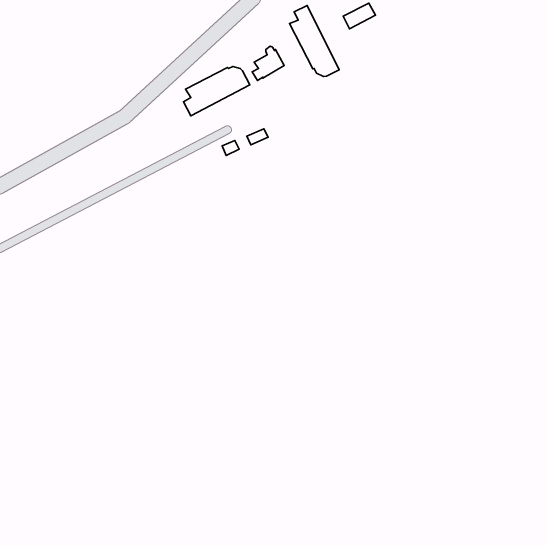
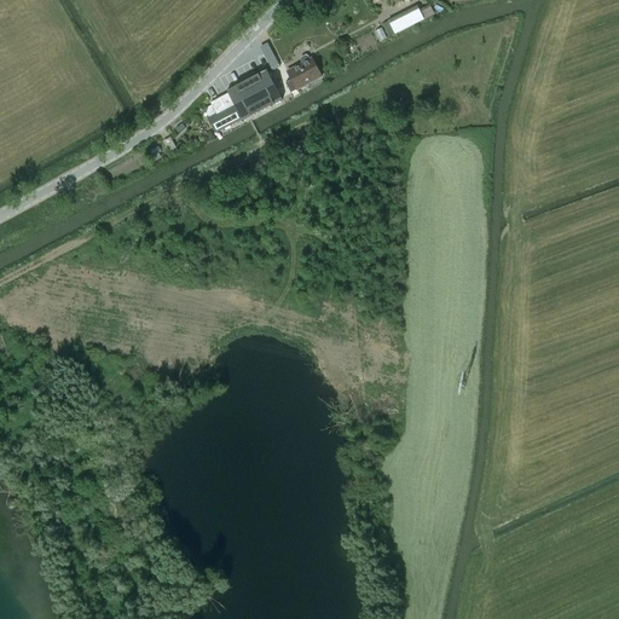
building: [290,5,339,76] -> none

